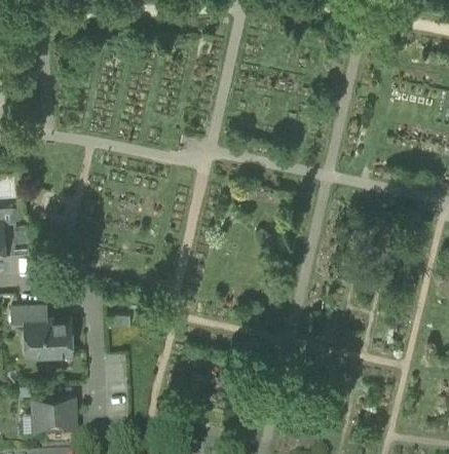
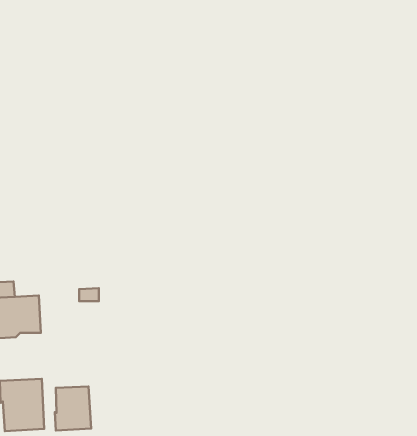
building: none -> [55,386,91,430]

